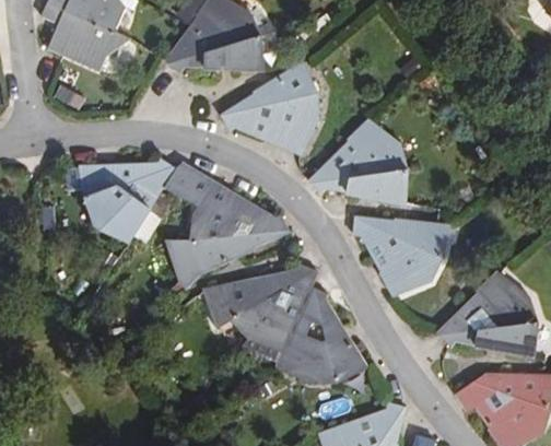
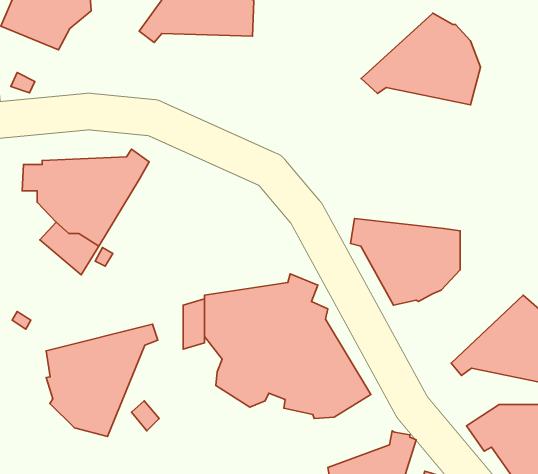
building: [225,56,324,144] -> none
building: [308,128,412,208] -> [361,13,481,105]
building: [167,164,294,289] -> none
building: none -> [46,324,158,437]

